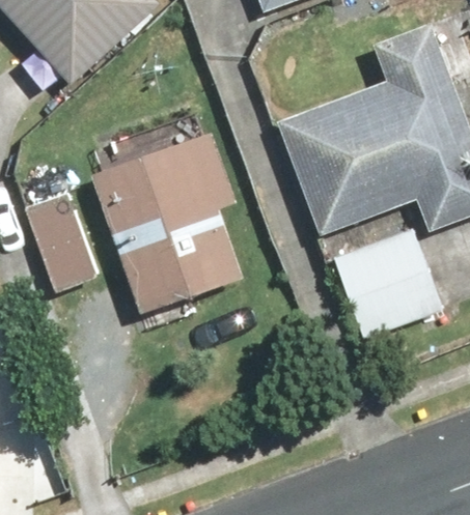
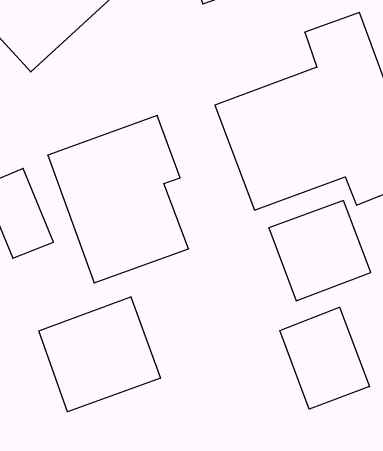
building: none -> [39,297,160,412]
building: none -> [280,307,369,409]

